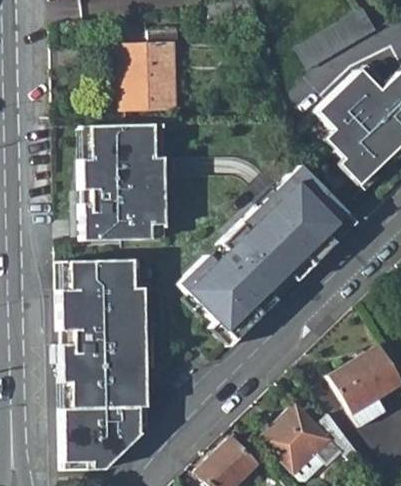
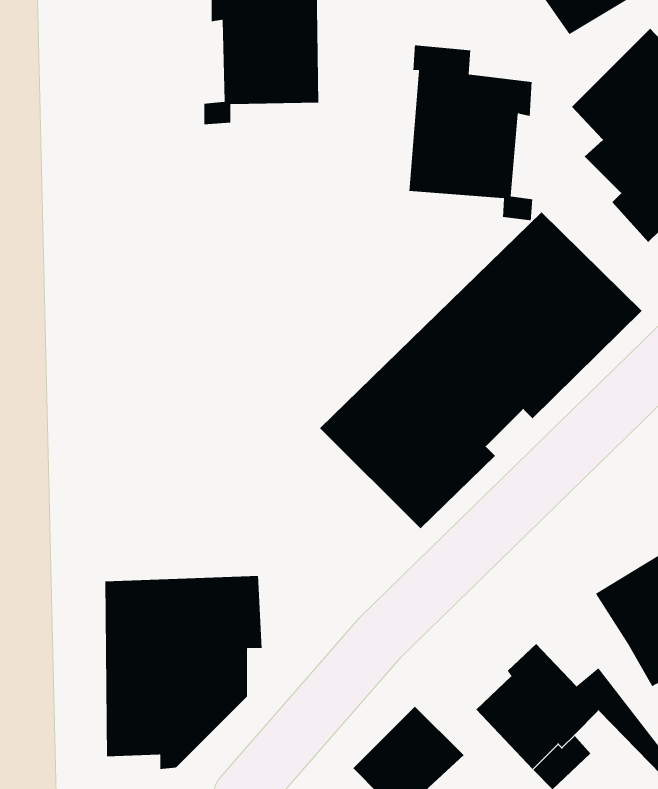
building: none -> [409,45,533,221]
building: [80,125,162,240] -> none
building: [58,260,144,368] -> none

